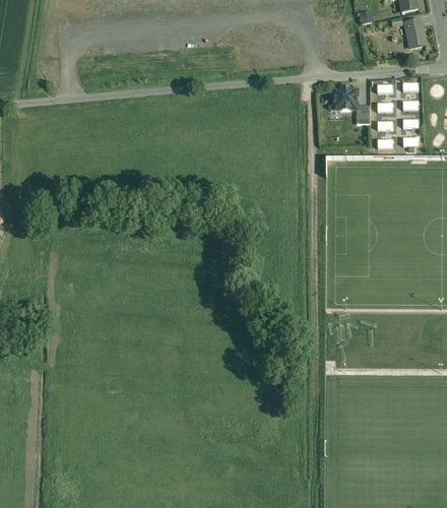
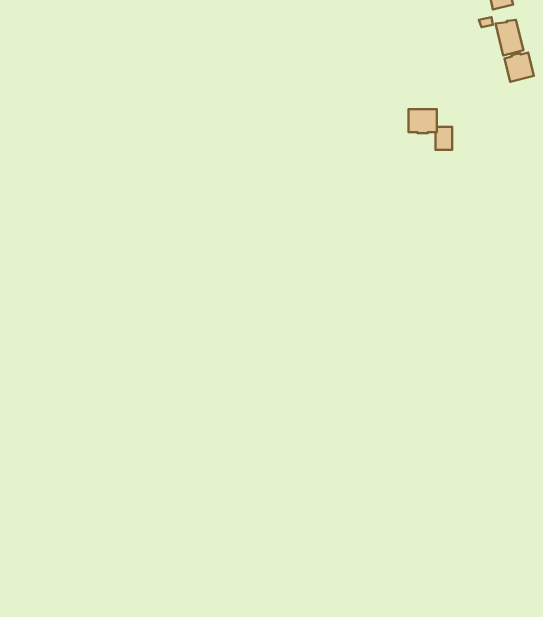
building: none -> [504,53,534,82]

